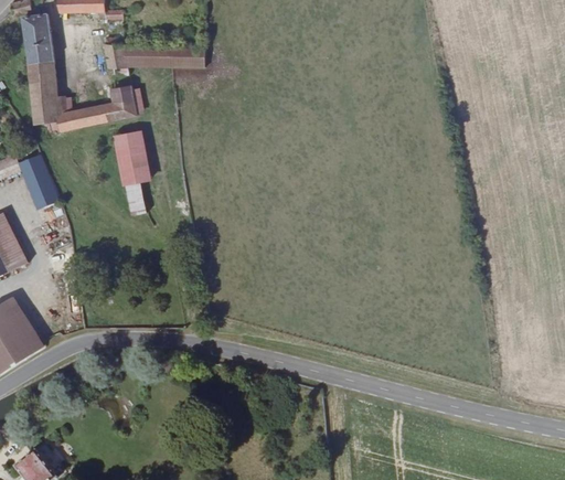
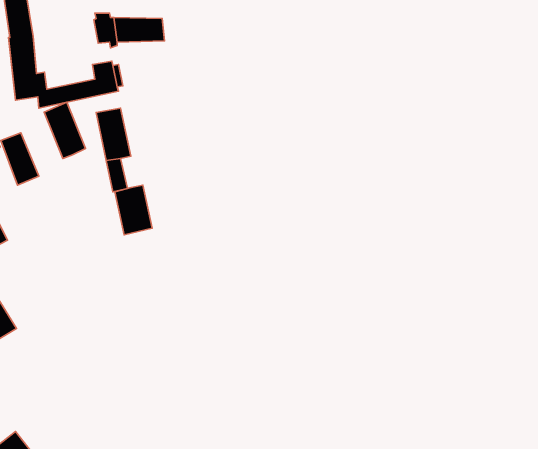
building: none -> [44,102,86,158]
building: none -> [115,185,152,235]

